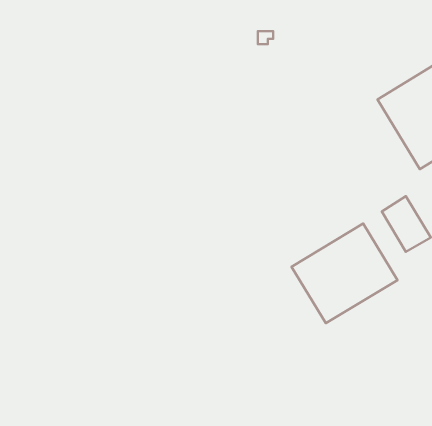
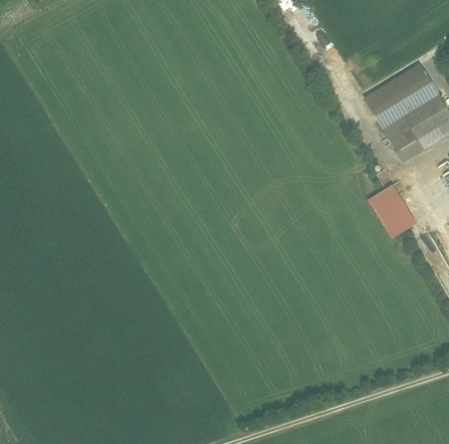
building: [292,224,398,323] -> none

